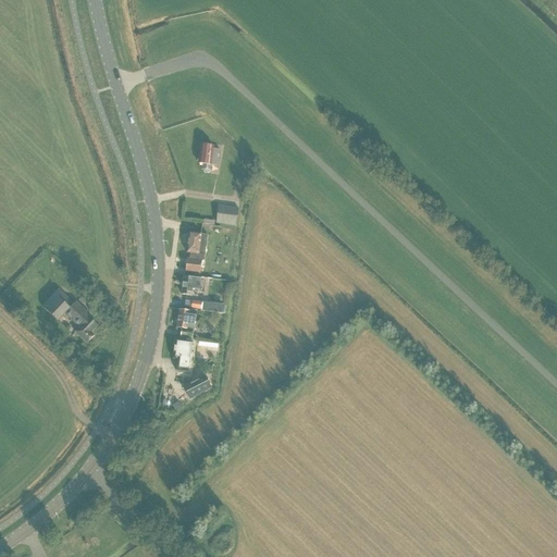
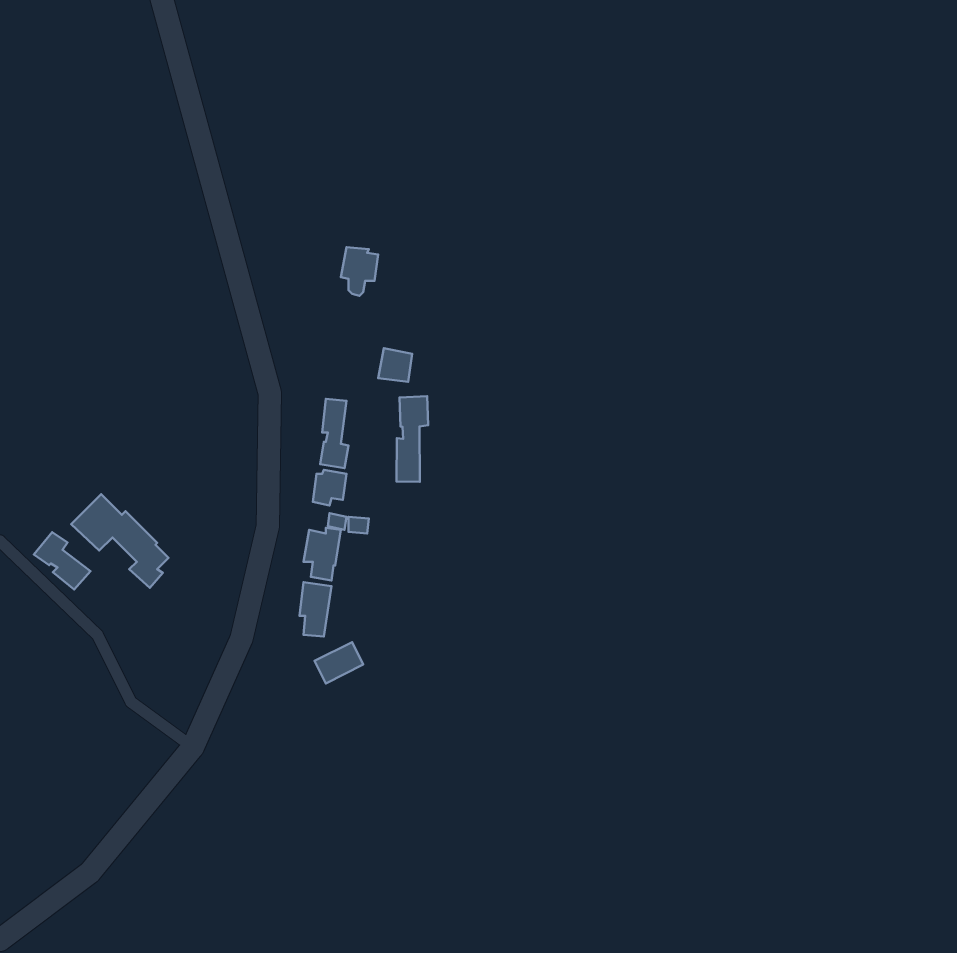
building: none -> [396,396,428,482]
building: none -> [34,532,91,589]

